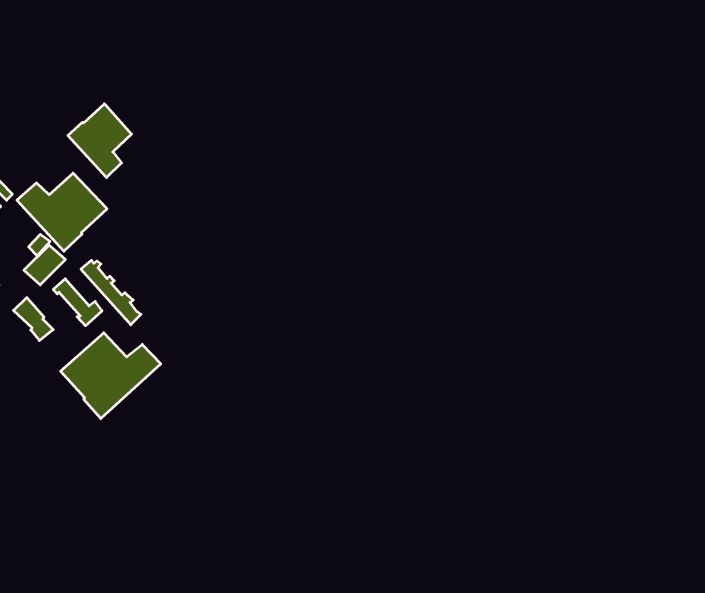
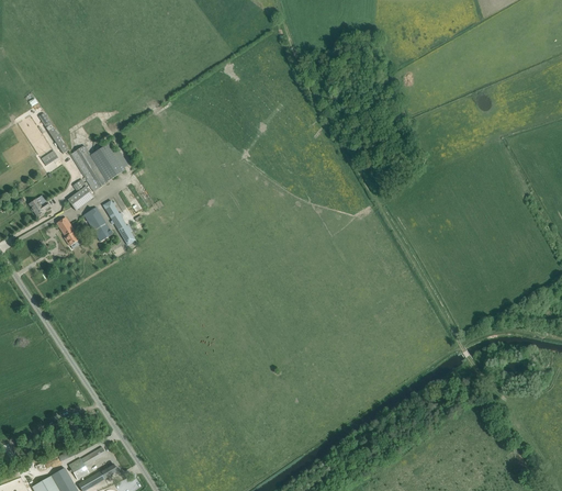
building: [68,104,132,178] -> none
building: [61,333,161,419] -> none

